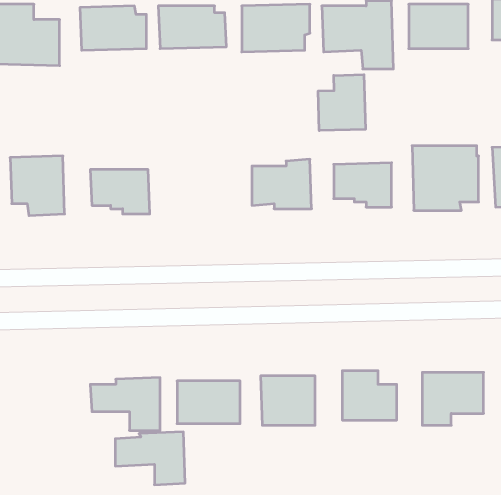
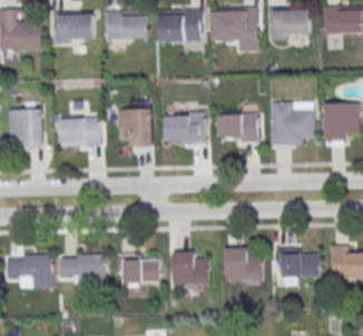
building: [318,75,365,131] -> none
building: none -> [117,108,154,147]
building: [115,432,185,485] -> [7,255,52,289]

